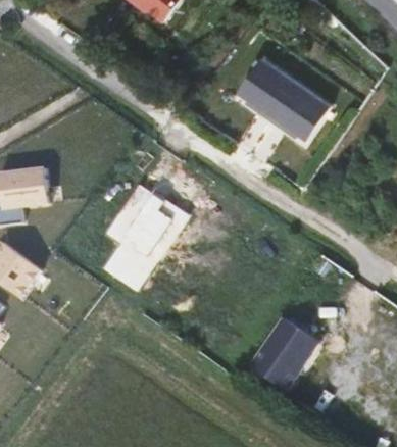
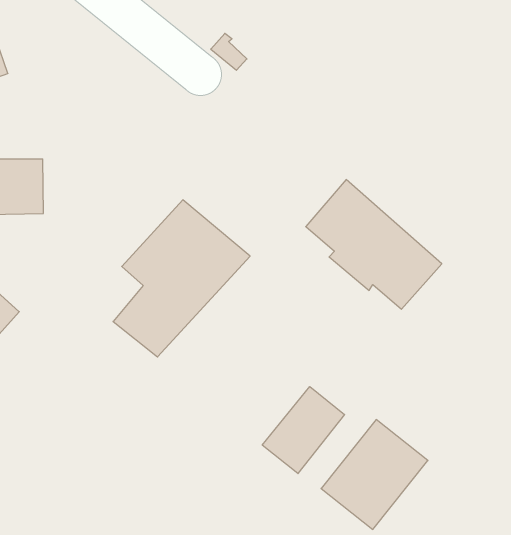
building: [236,54,328,136] -> [306,180,442,309]
building: none -> [262,387,345,474]

